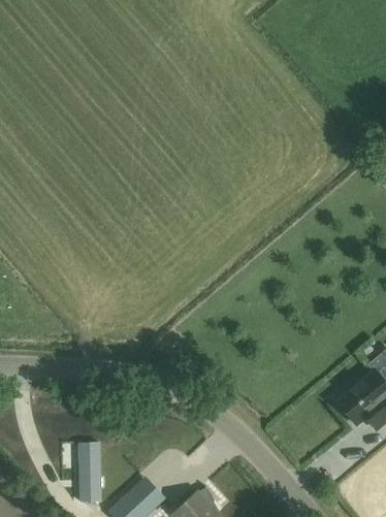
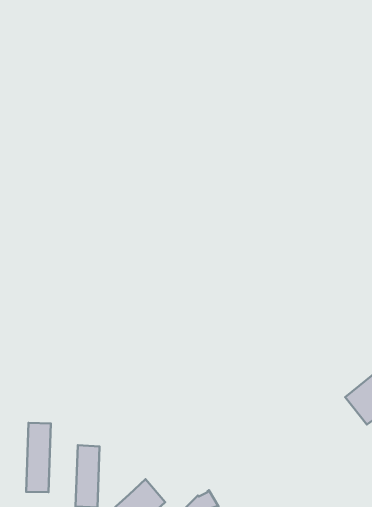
building: none -> [26,423,51,492]

